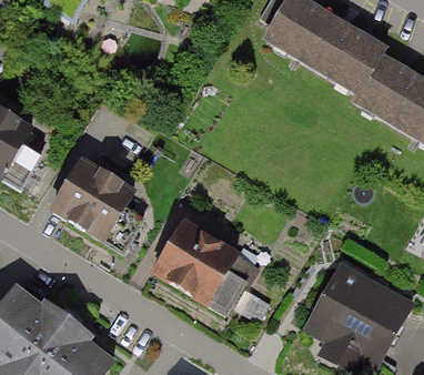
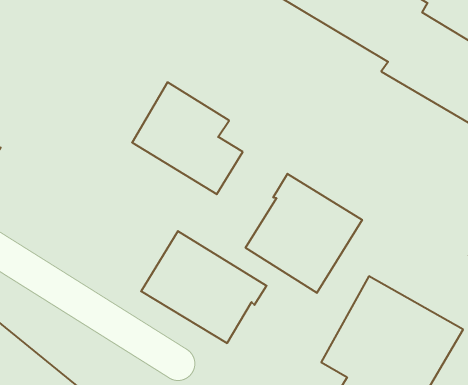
building: [53,163,143,254] -> [132,82,243,194]
building: none -> [246,174,362,293]

